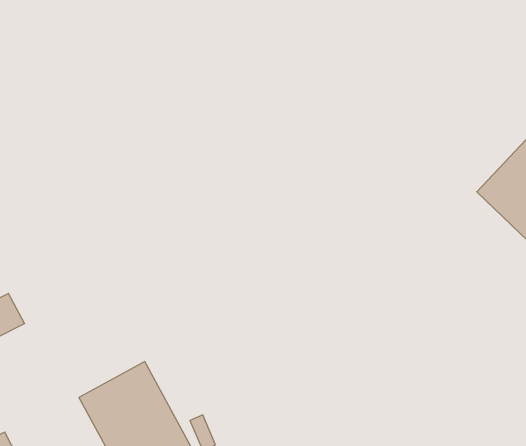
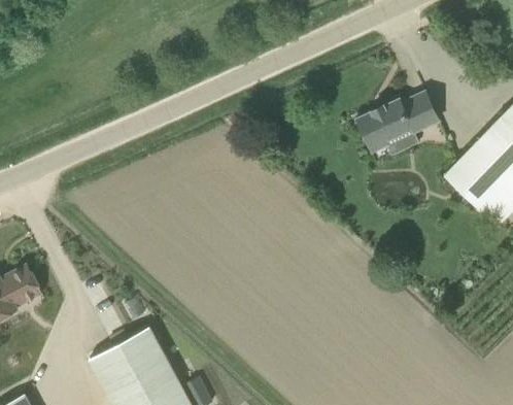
building: none -> [356,92,439,153]

